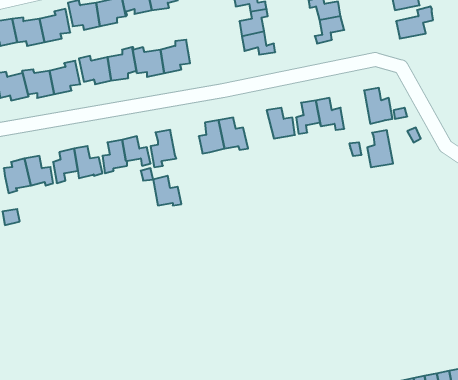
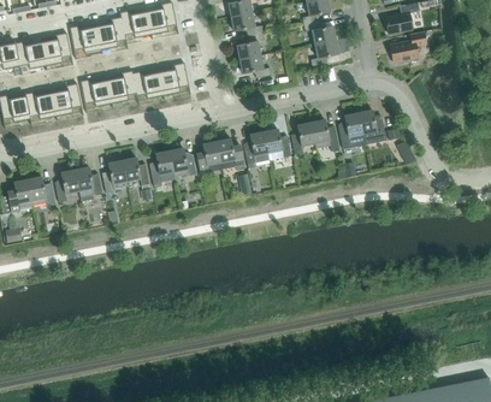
building: none -> [244,131,271,169]
building: [367,130,393,167] -> [339,112,365,148]
building: [153,176,181,205] -> [170,147,197,176]

